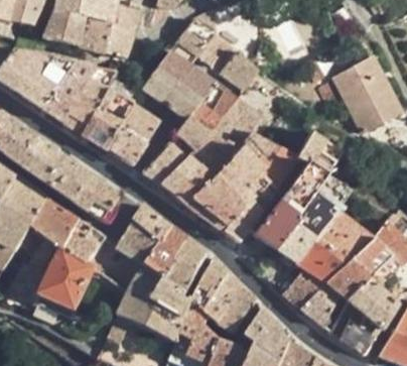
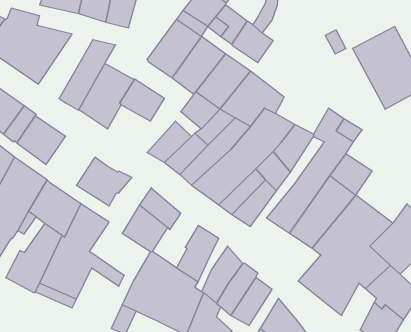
building: [42,63,93,122] -> none
building: [107,128,146,165] -> none
building: [49,157,95,203] -> none
building: [148,228,191,279] -> none

